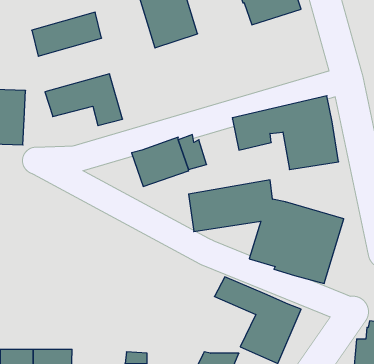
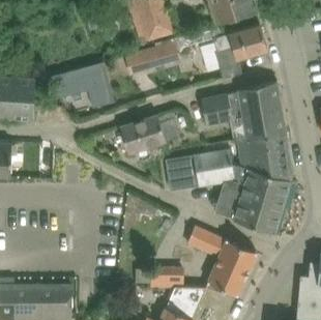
building: [32,12,102,56] -> [124,39,180,75]
building: none -> [203,24,267,79]
building: none -> [239,135,292,180]
building: none -> [151,269,183,289]

